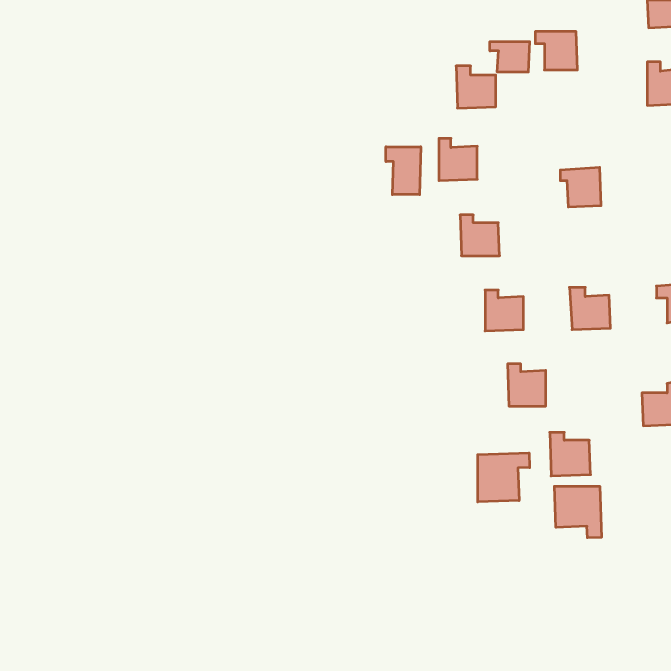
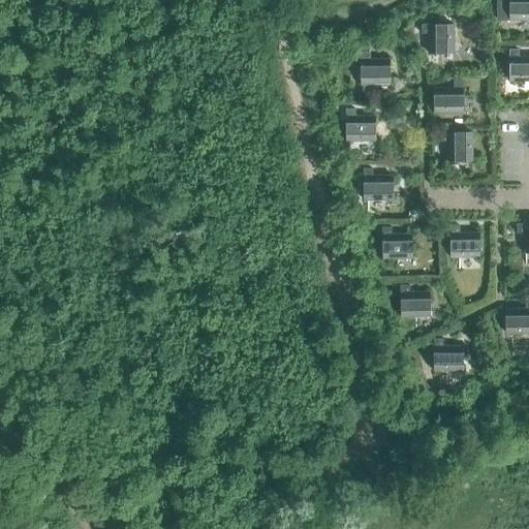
building: [490,42,530,72] -> none
building: none -> [433,83,463,116]
building: [386,147,421,195] -> none
building: [478,453,530,502] -> none
building: [554,486,601,538] -> none

